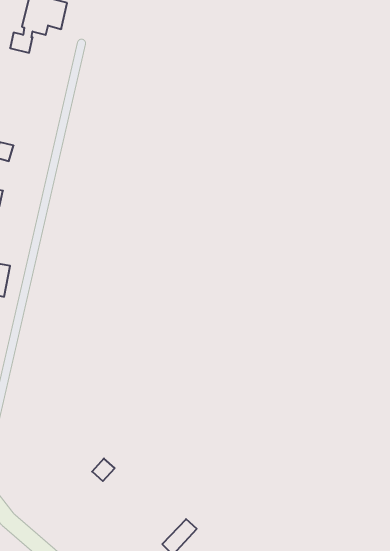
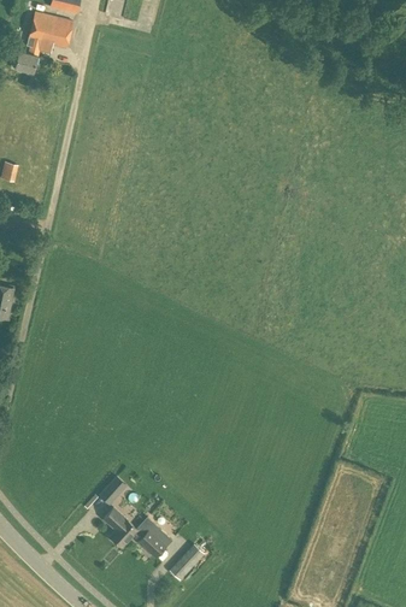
building: none -> [104,507,166,556]

